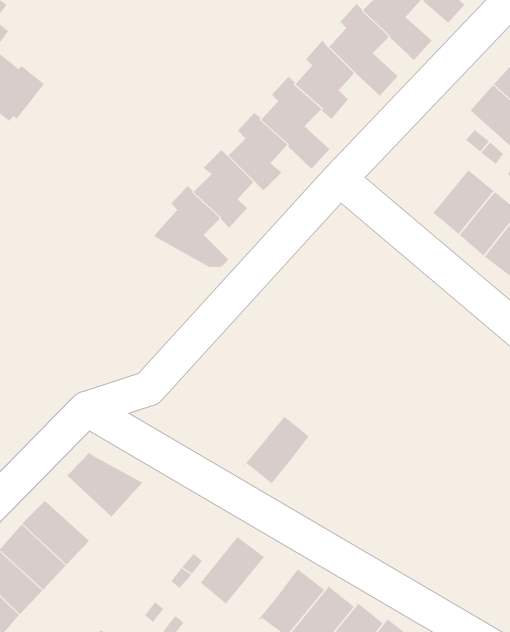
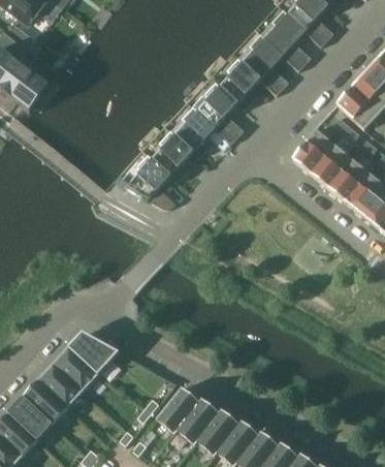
building: none -> [293,129,334,173]
building: [242,416,314,484] -> [174,399,222,444]
building: none -> [54,347,98,391]

